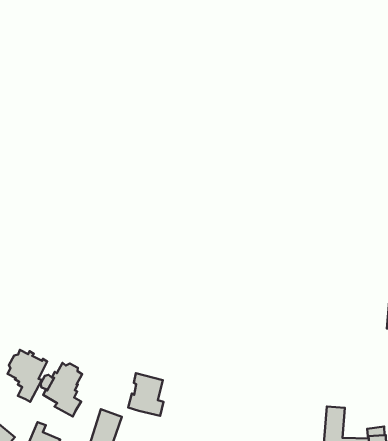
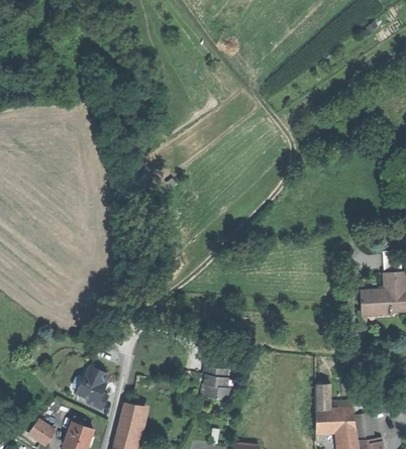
building: [8,350,47,402] -> none
building: [128,373,164,416] -> [200,364,229,399]

